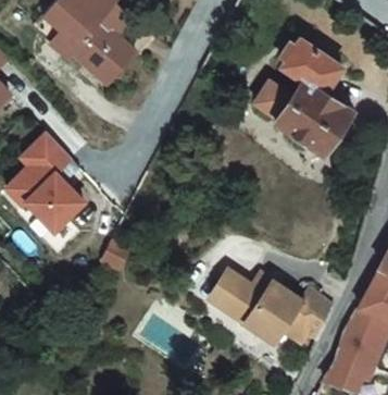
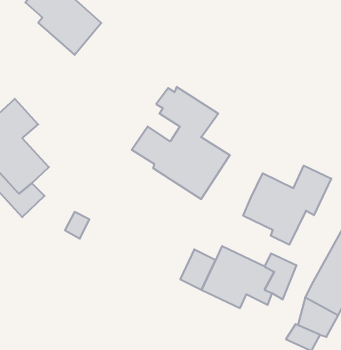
building: [252,41,352,156] -> [132,87,230,199]
building: none -> [243,166,331,245]

